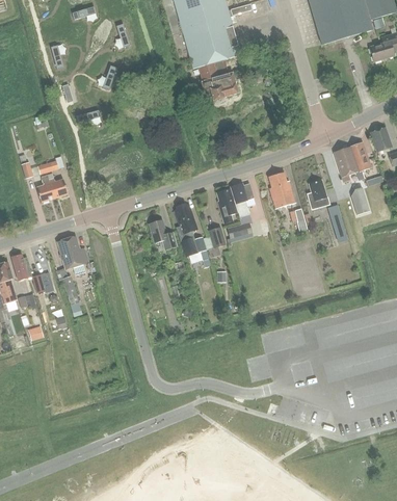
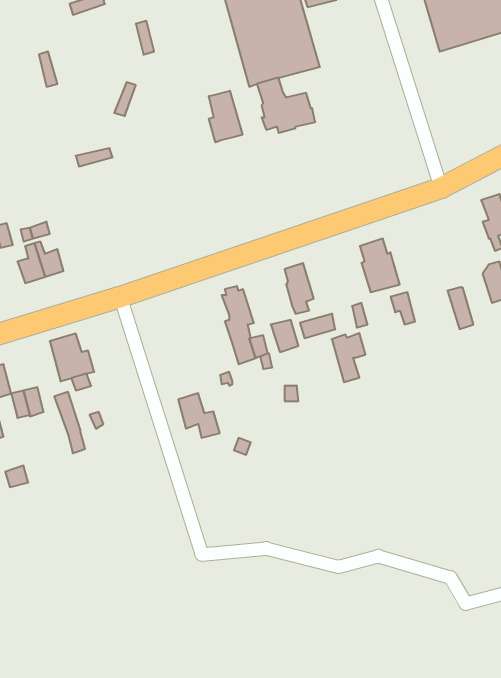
building: none -> [209,91,242,142]
building: [333,146,354,181] -> none
building: [306,179,329,209] -> none
building: [230,182,253,215] -> [332,333,365,382]
building: [149,218,177,248] -> [178,393,220,438]

